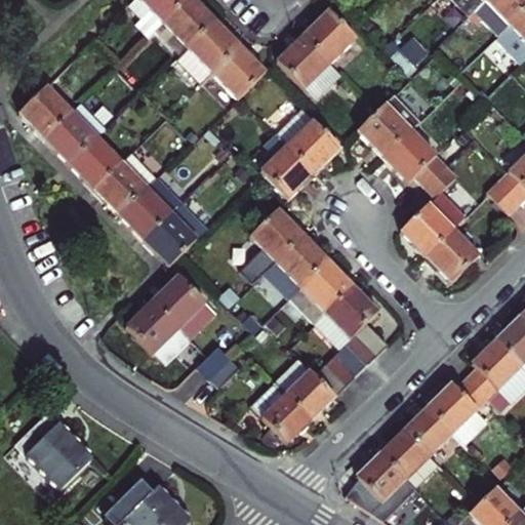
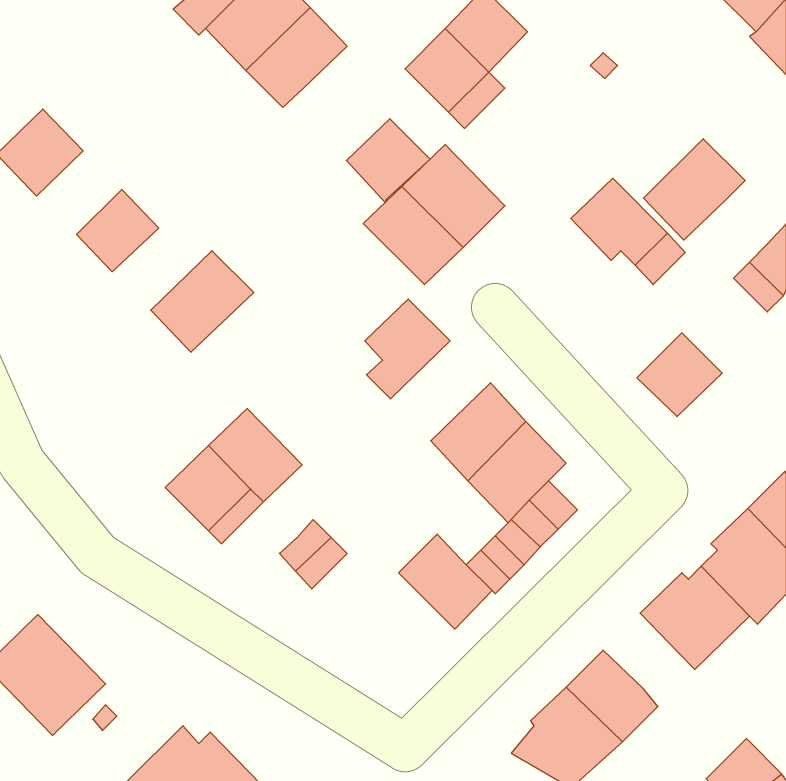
building: [213,45,267,98] -> [346,119,430,202]
building: [358,90,422,155] -> [644,139,745,240]
building: [43,102,108,165] -> none
building: [91,151,155,213] -> none
building: [142,202,208,267] -> none
building: [401,203,454,256] -> none
building: [269,233,332,296] -> none
building: [251,380,310,439] -> none
building: [404,406,452,454] -> none

